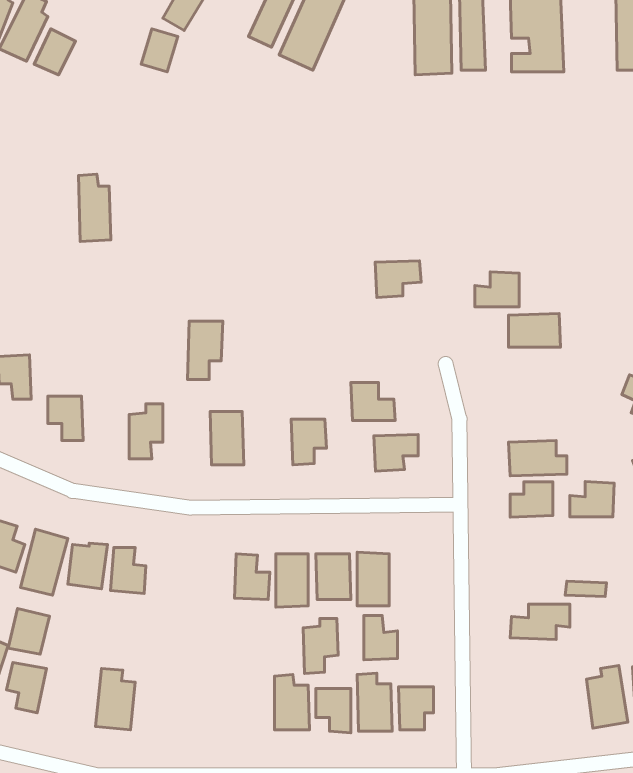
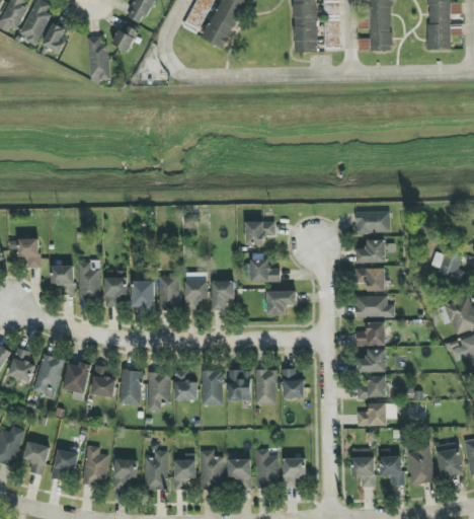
building: [79,174,111,241] -> [88,36,109,81]
building: [375,261,421,297] -> [245,221,275,245]
building: [475,272,519,307] -> [355,239,385,263]
building: [188,321,223,379] -> [184,273,208,311]
building: none -> [78,262,100,301]
building: none -> [354,268,385,291]
building: none -> [132,281,155,311]
building: [570,482,614,517] -> [357,349,386,372]
building: none -> [120,370,142,404]
building: none -> [148,372,171,411]
building: none -> [355,376,386,398]
building: [8,608,49,654] -> [52,449,79,479]
building: [364,616,398,660] -> [283,369,305,398]
building: [303,619,338,674] -> [173,454,196,491]
building: none -> [351,449,374,488]
building: none -> [144,451,168,490]
building: none -> [380,456,403,486]
building: none -> [113,459,138,490]

